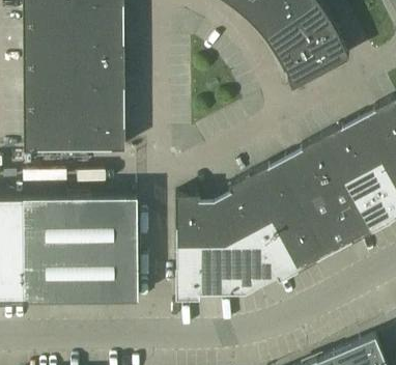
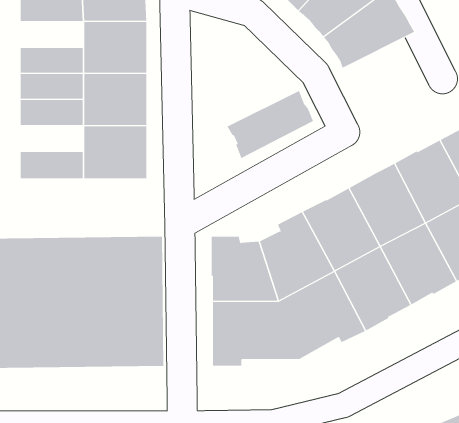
building: [23,26,74,47] -> none
building: [280,34,349,89] -> [227,90,314,159]
building: [23,109,74,130] -> none

